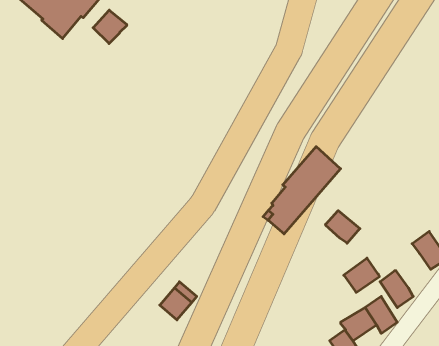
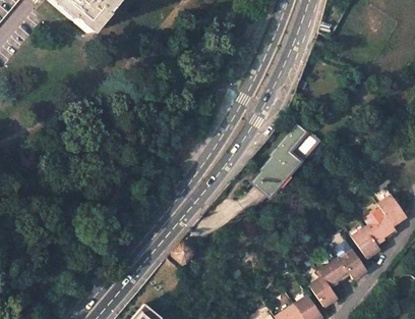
building: [93,10,127,44] -> none
building: [326,211,360,243] -> none
building: [344,258,379,292] -> [364,213,394,242]

